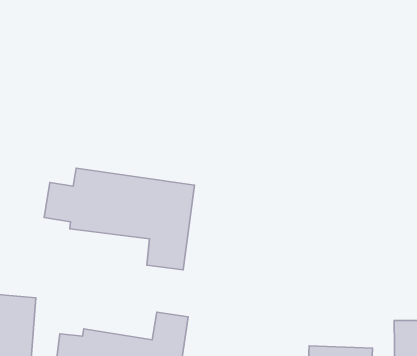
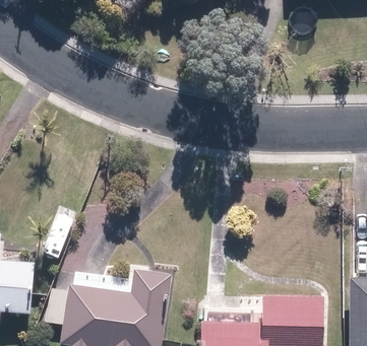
building: [44,168,194,270] -> none

